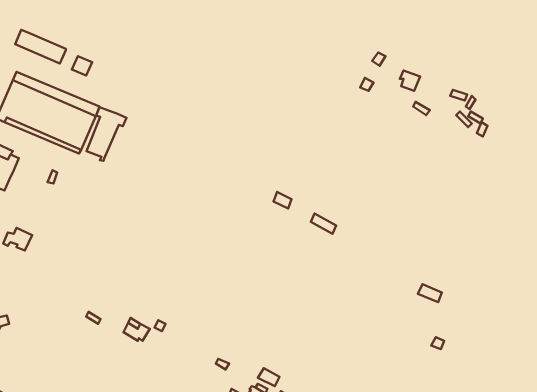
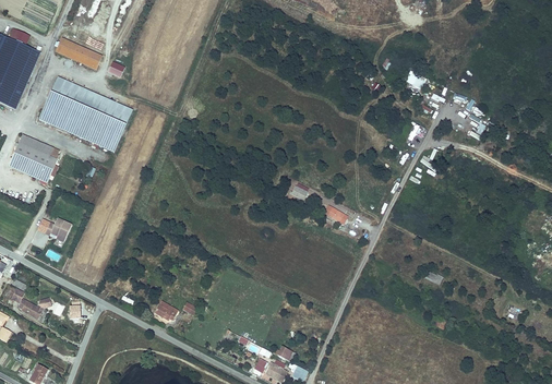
building: [86,107,126,161] -> none

